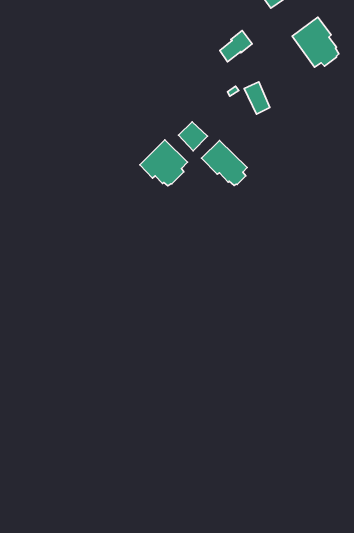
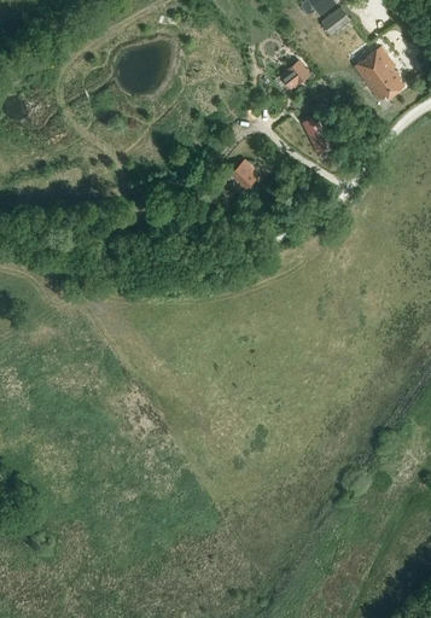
building: [140,140,188,186] -> none
building: [202,140,247,186] -> none

